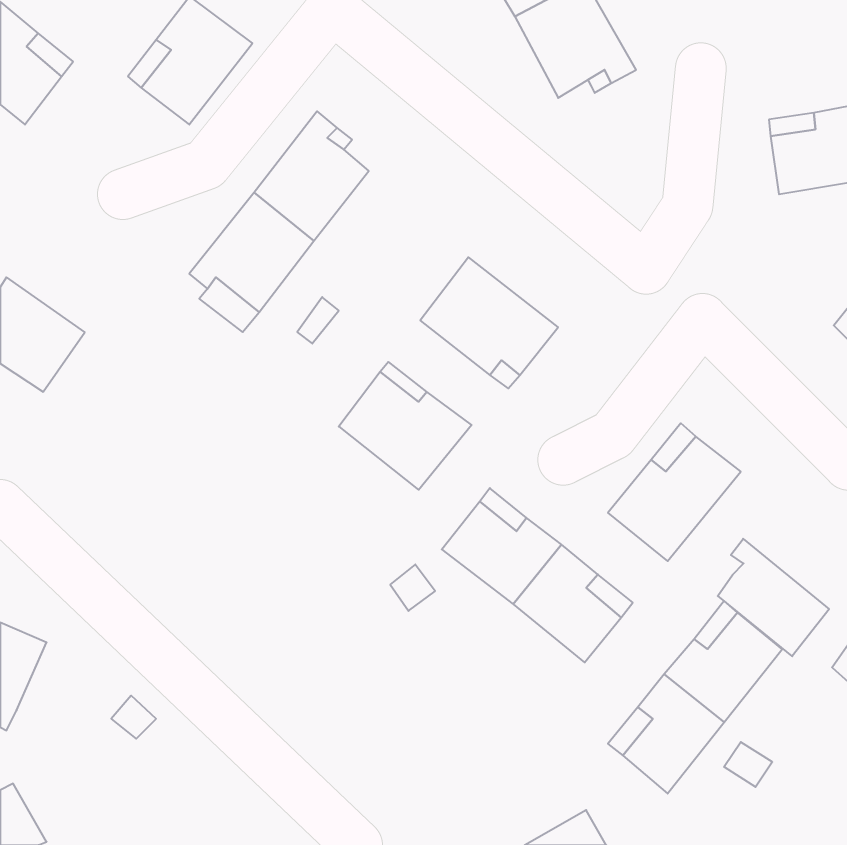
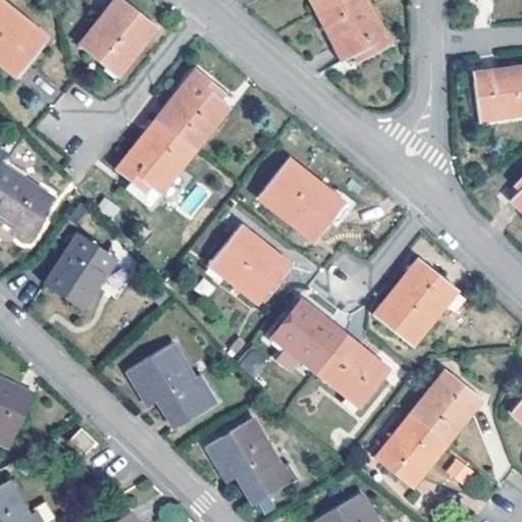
building: none -> [43,238,116,311]
building: [718,539,829,656] -> none
building: none -> [126,346,219,429]
building: none -> [208,423,299,508]

